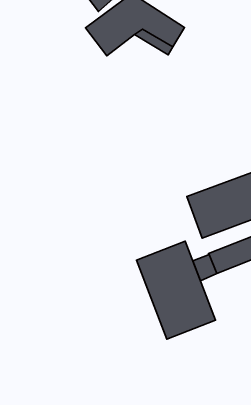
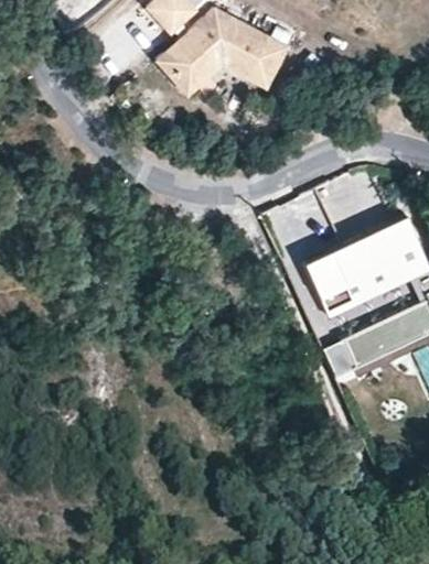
building: [137,241,216,339] -> none

